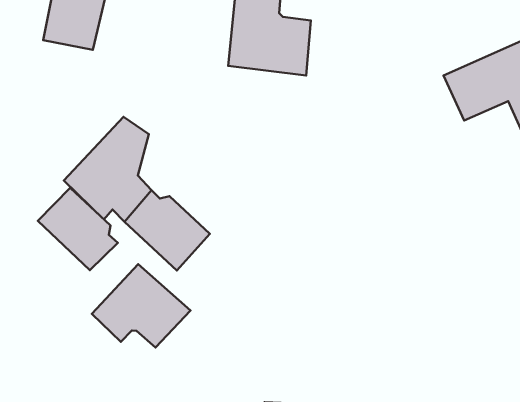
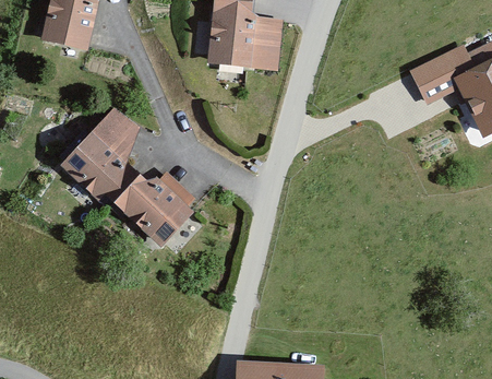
building: [38,188,118,270] -> none
building: [92,264,190,347] -> none

